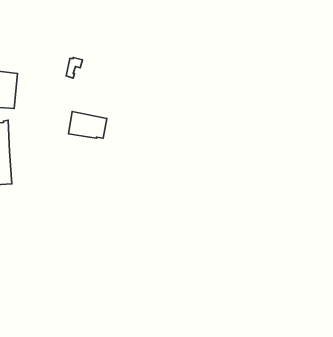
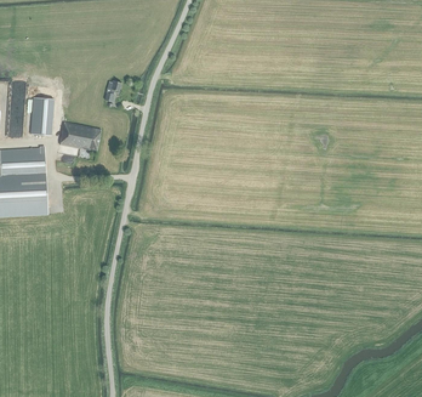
building: [69,112,107,138] -> [59,121,99,149]

